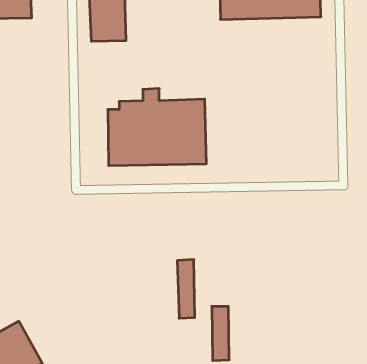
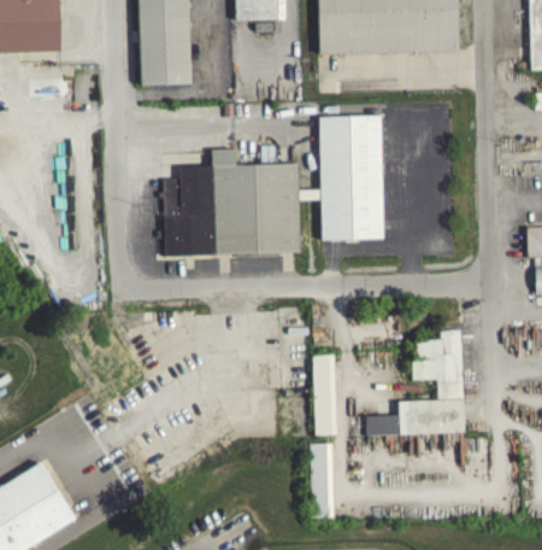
building: none -> [317,113,384,236]
building: none -> [366,328,466,434]
building: [177,260,195,318] -> [311,358,335,439]

